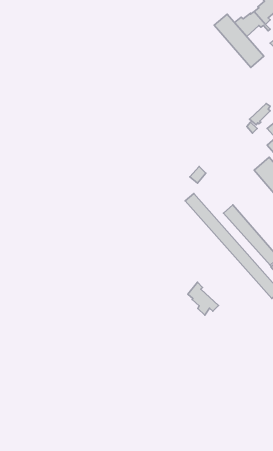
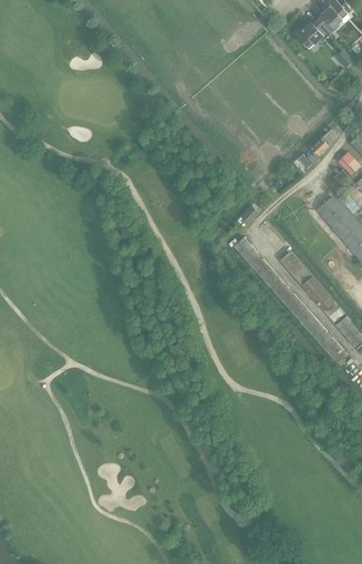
building: [214,14,264,67] -> none
building: [188,282,219,315] -> none

